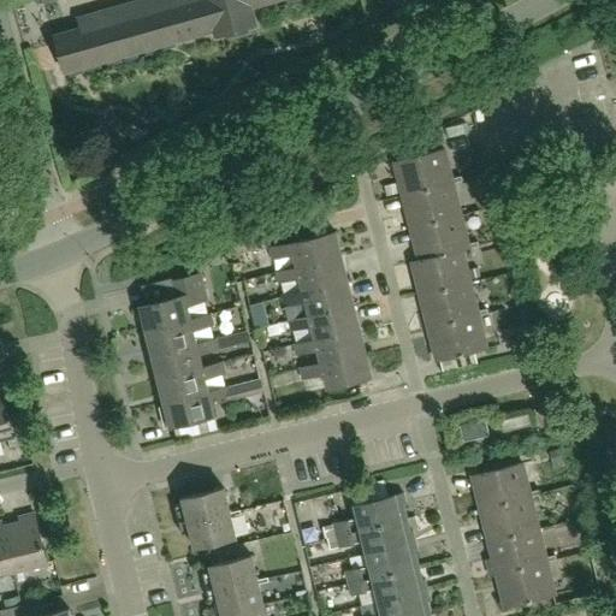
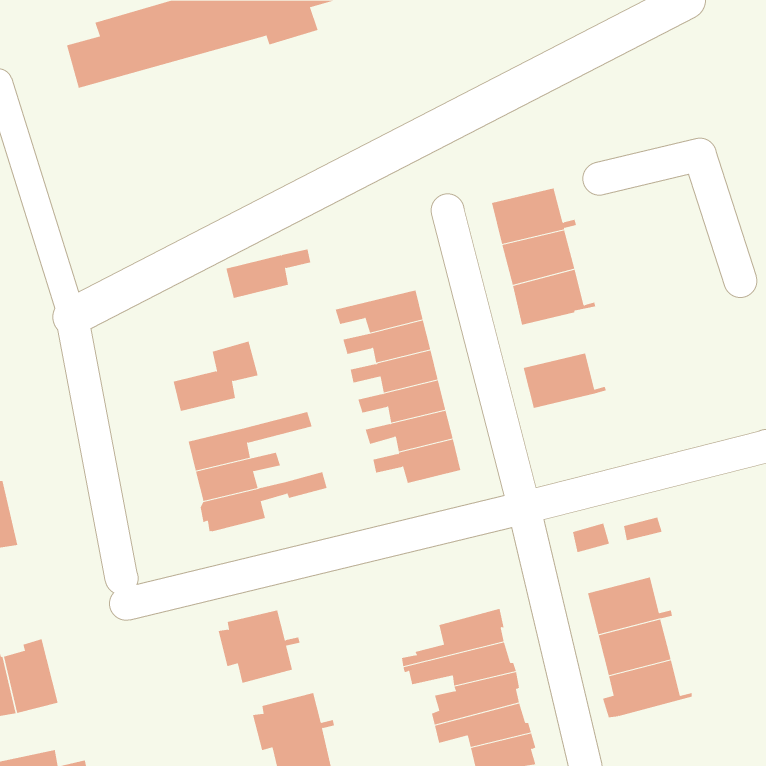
building: [410,251,469,296] -> none
building: [144,315,213,355] -> [226,249,311,298]
building: [427,316,485,373] -> none
building: [496,559,556,609] -> none

